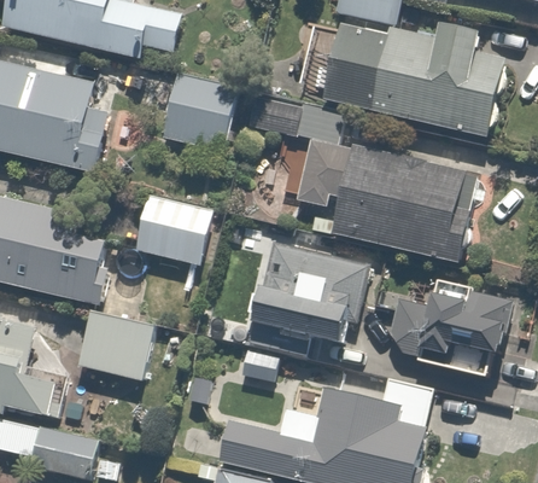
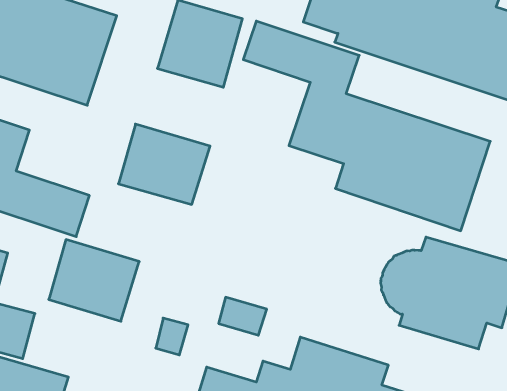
building: [246,233,361,347] -> none

